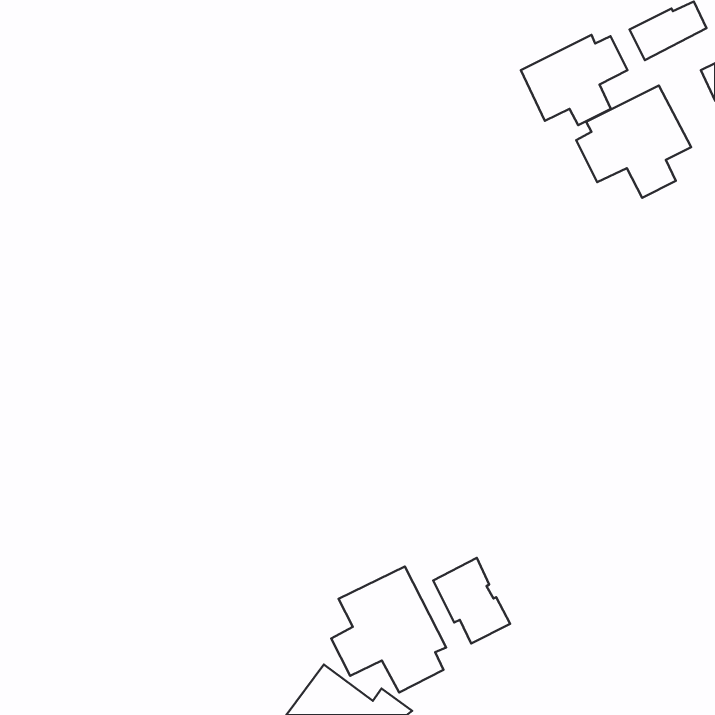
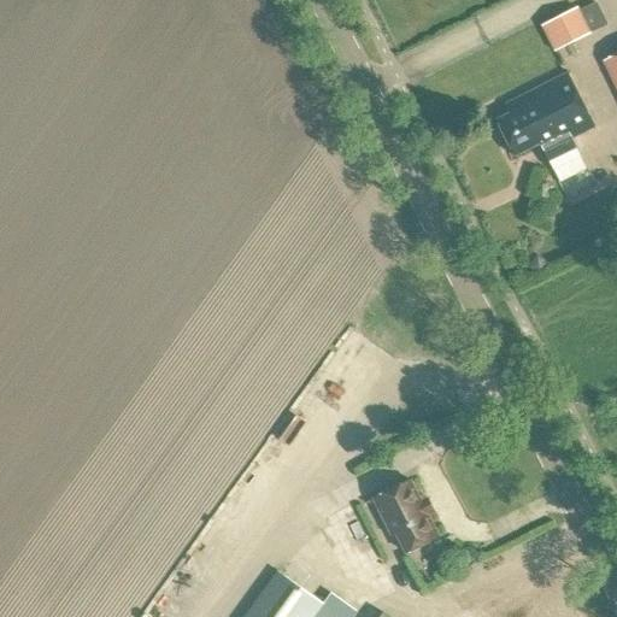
building: [521,35,627,125] -> none
building: [331,566,446,693] -> none

